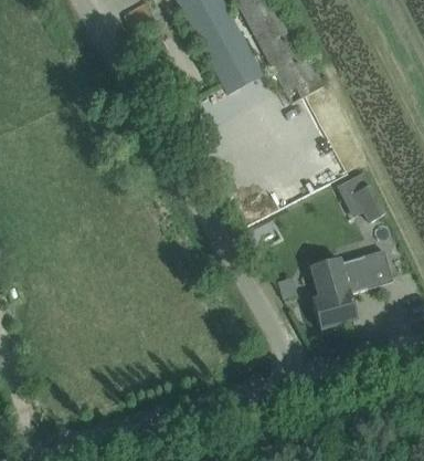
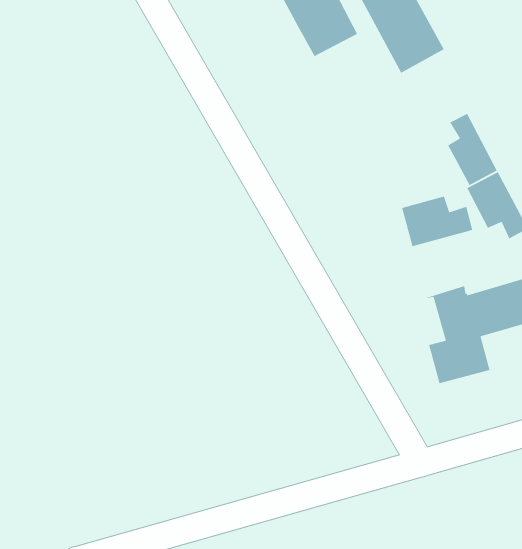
building: none -> [447,113,498,186]
building: none -> [401,195,473,247]

